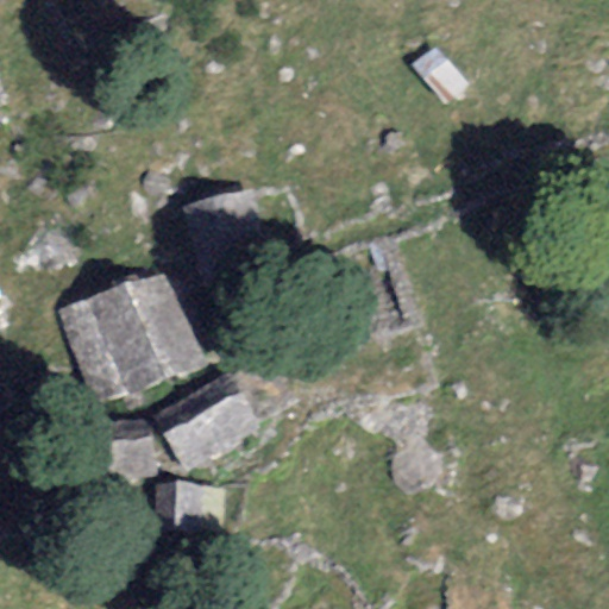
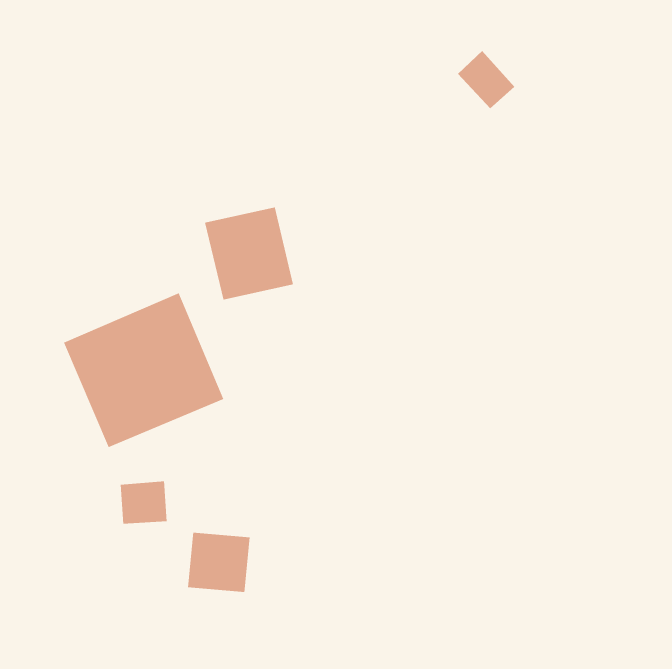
building: [152,372,256,471] -> none

